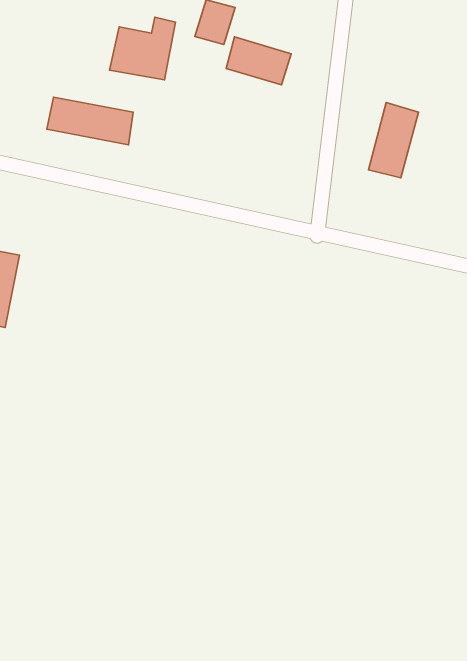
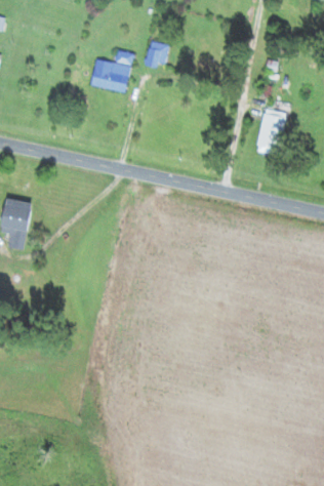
building: [226,37,291,85] -> none
building: [47,97,133,145] -> none

